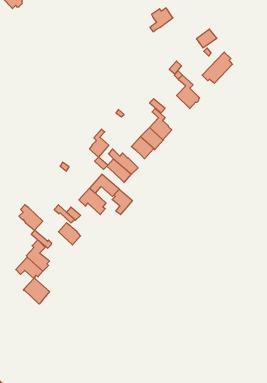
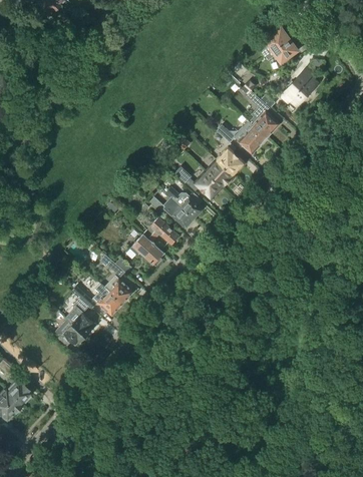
building: [150,8,173,32] -> [262,29,290,58]
building: none -> [240,122,266,153]
building: [90,129,109,157] -> none
building: [112,189,132,215] -> none
building: [19,205,43,230] -> [93,285,122,316]
building: [23,277,50,304] -> none

